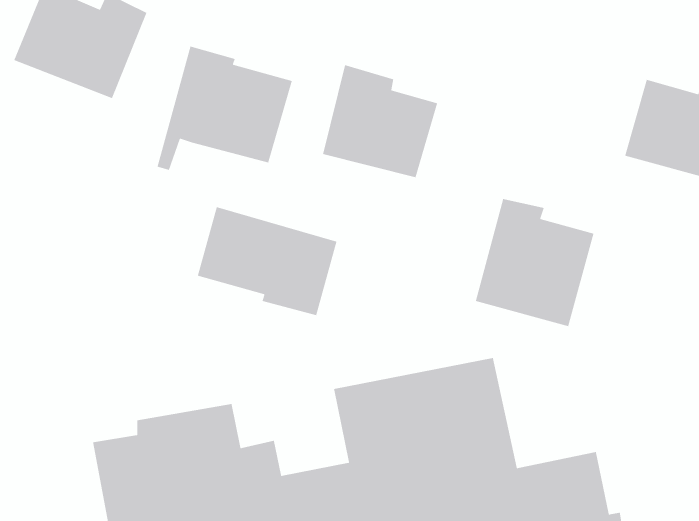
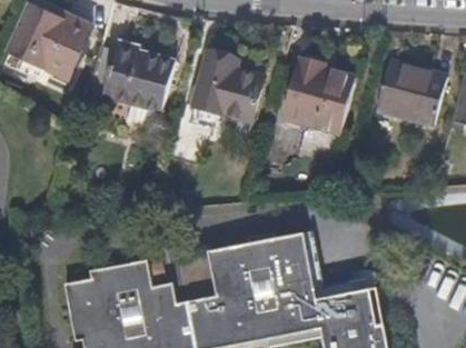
building: [475,198,595,327] -> [288,56,360,133]
building: [197,206,337,316] -> none

